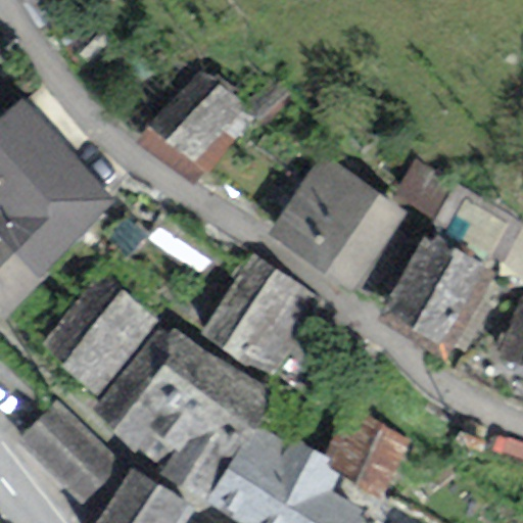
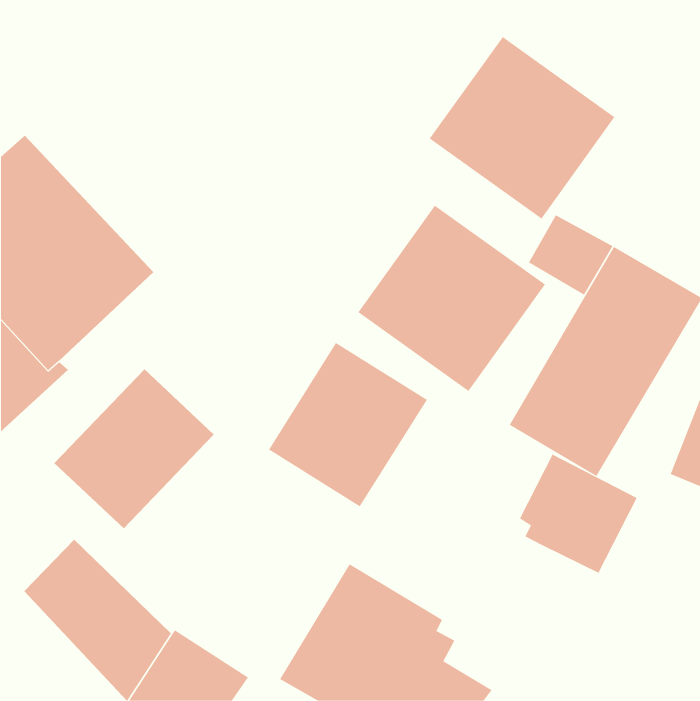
building: none -> [429,36,615,220]
building: [141,59,289,187] -> none
building: [89,322,274,497] -> none
building: [323,408,411,496] -> [519,454,637,573]

